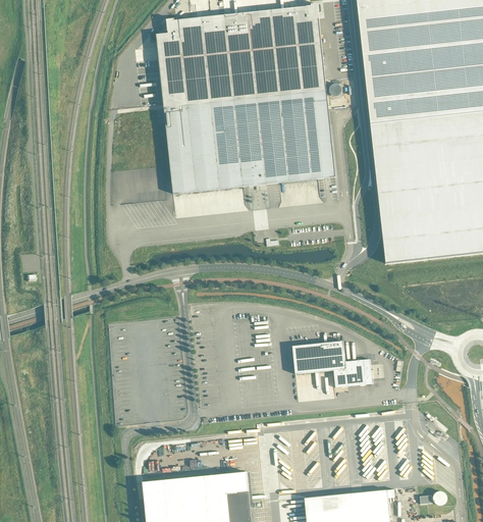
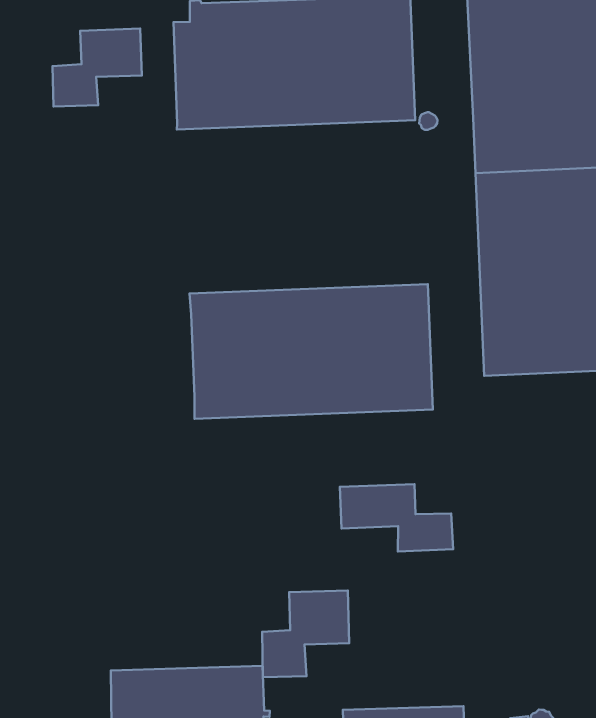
building: none -> [53,28,142,107]
building: [164,91,336,194] -> [189,284,433,419]
building: none -> [262,590,349,677]

